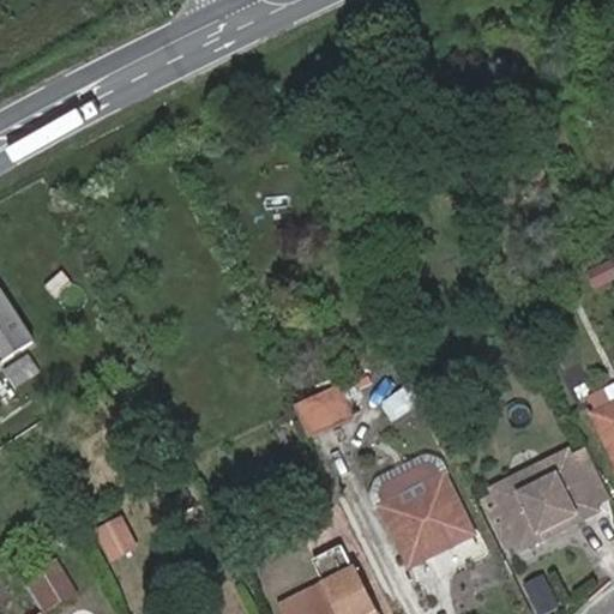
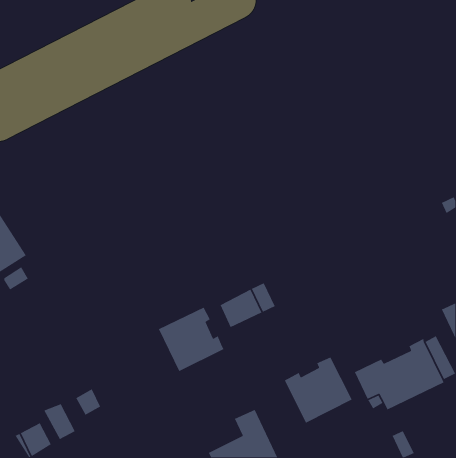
building: none -> [158,306,225,372]
building: [380,462,441,506] -> none
building: none -> [43,403,76,440]

